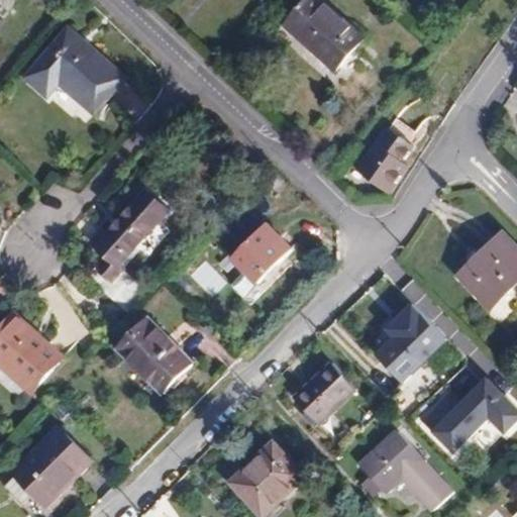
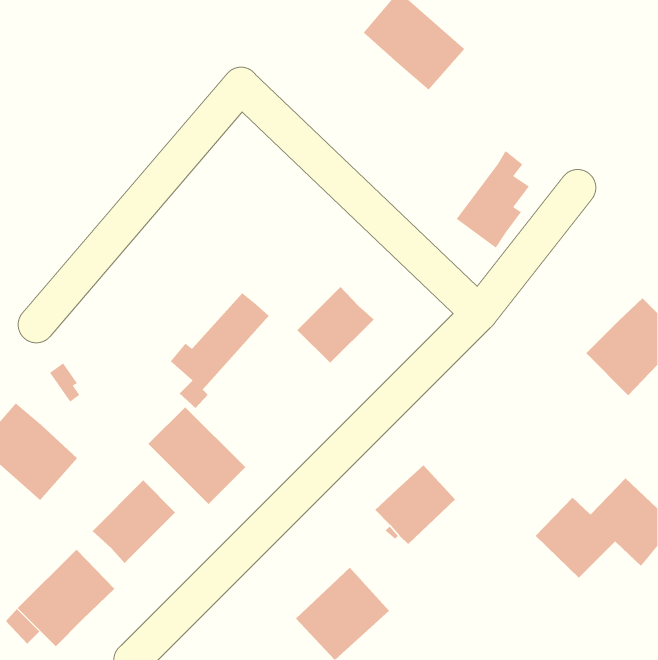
building: [24,28,123,113] -> none
building: [89,190,167,281] -> [170,292,269,409]
building: [367,301,449,383] -> none
building: none -> [92,480,176,564]
building: [358,431,451,510] -> none

